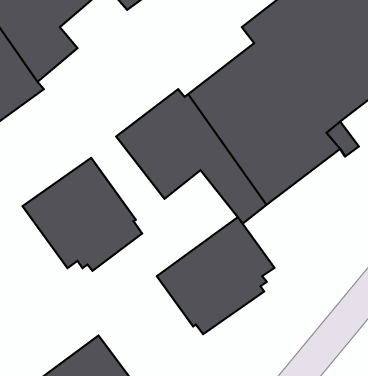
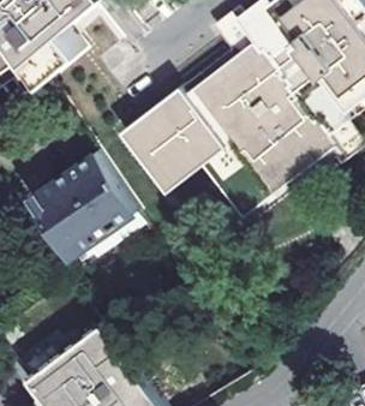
building: [157,217,274,334] -> none

